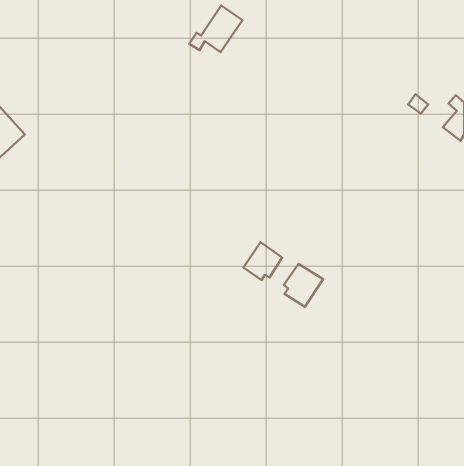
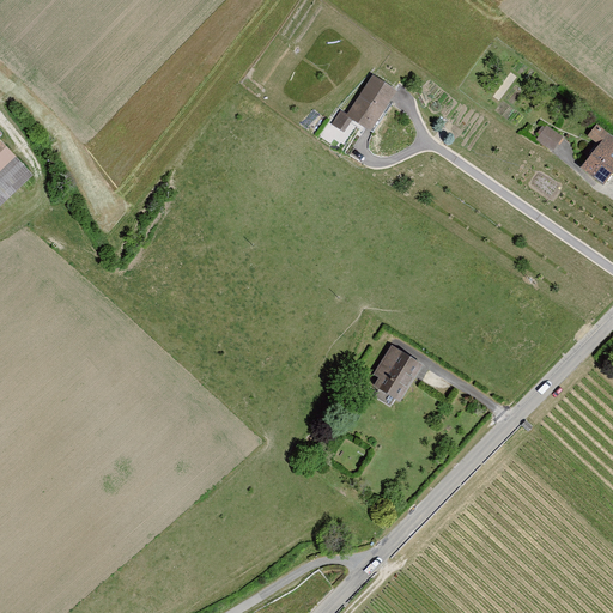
building: [189,5,242,52] -> [329,73,399,134]
building: [244,242,282,280] -> none

